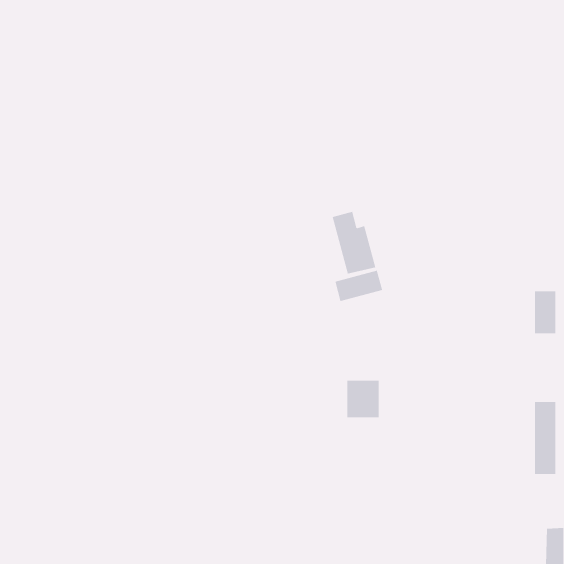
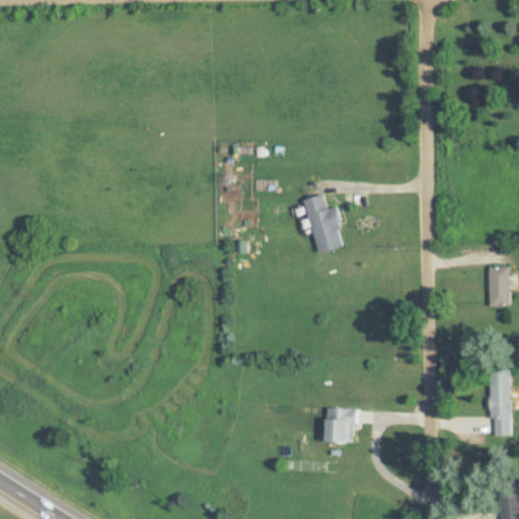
building: [335,270,383,302] -> none
building: [346,380,380,418] -> [325,409,356,443]

